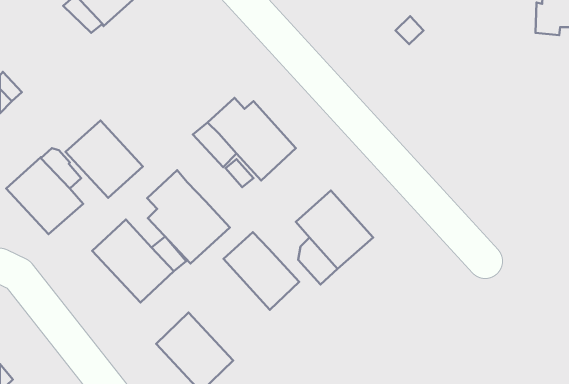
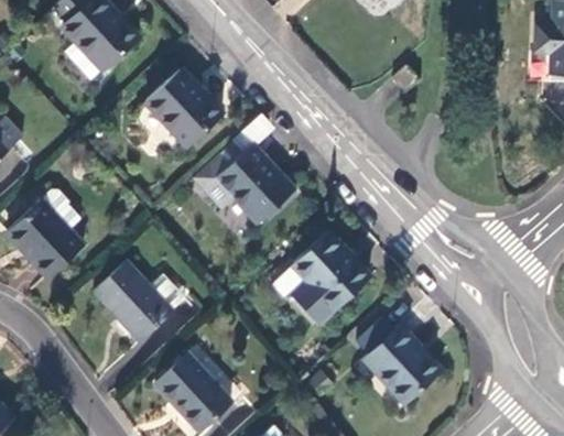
building: [66,121,143,198] -> [145,68,221,144]
building: [147,170,230,263] -> none
building: [223,232,299,310] -> none
building: none -> [364,325,441,403]

